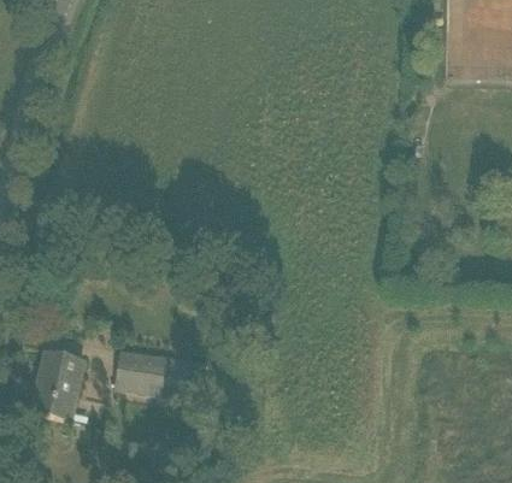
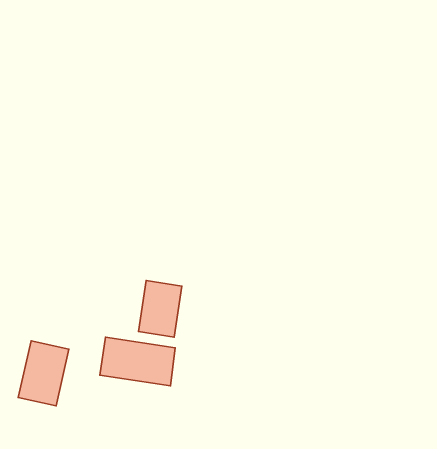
building: none -> [139,280,182,337]

